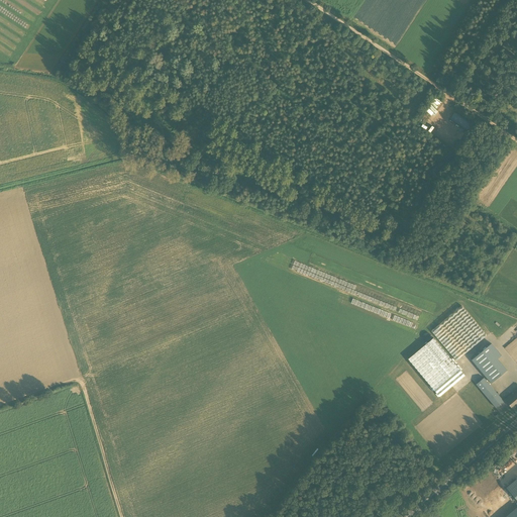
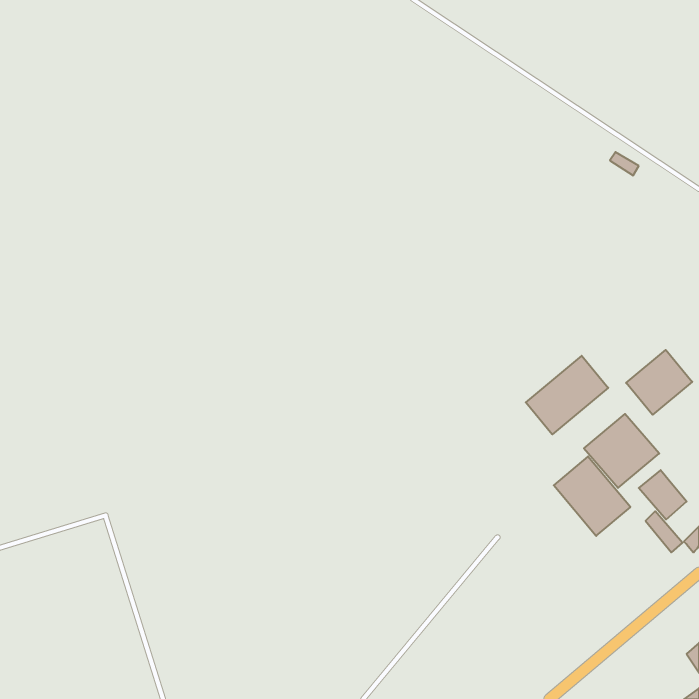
building: none -> [626,350,692,415]
building: none -> [526,356,608,434]

